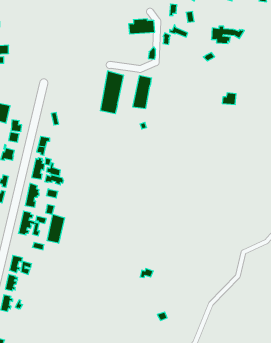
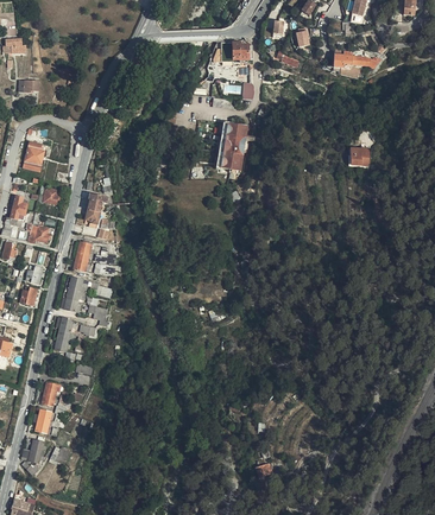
building: [100,71,123,114] -> none
building: [47,214,65,243] -> none

